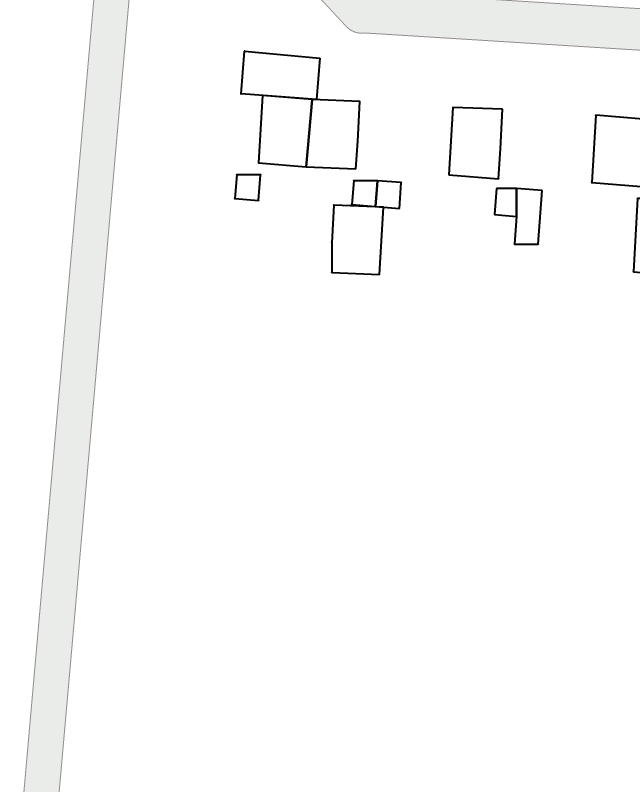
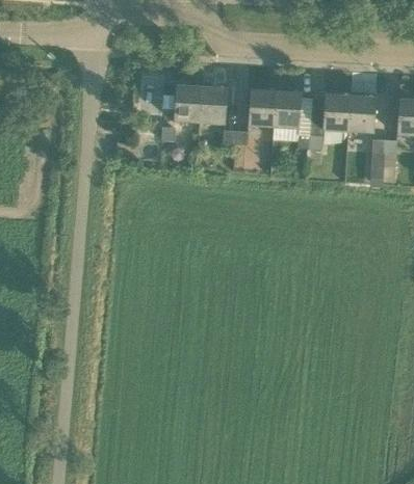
building: [241,51,320,99] -> none
building: none -> [324,95,352,131]
building: [332,205,383,274] -> [250,90,277,127]

